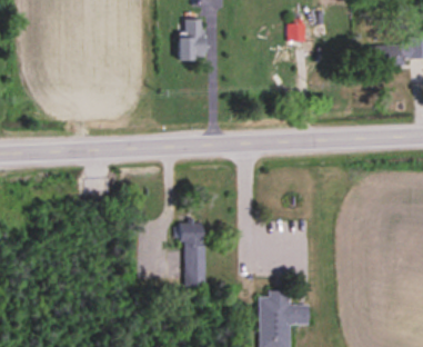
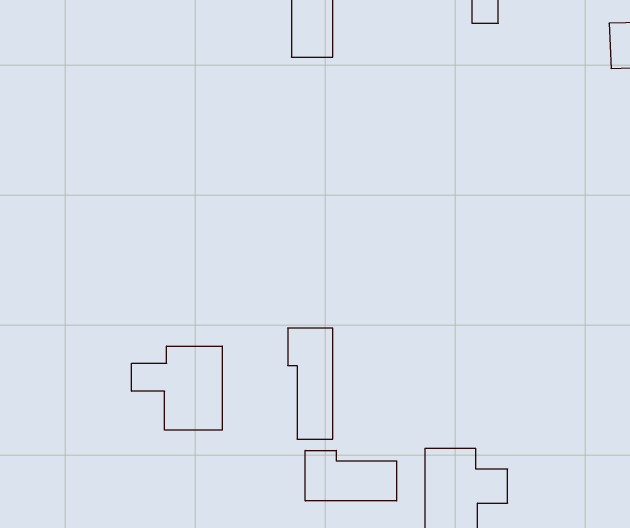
building: none -> [132,346,222,430]
building: none -> [305,450,397,501]

